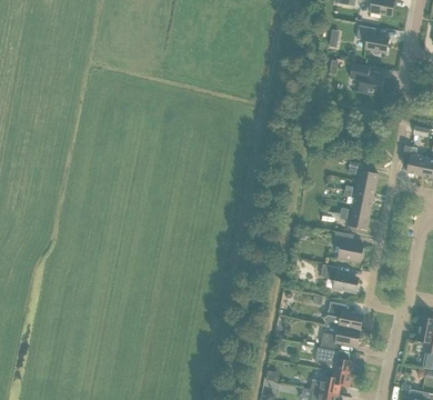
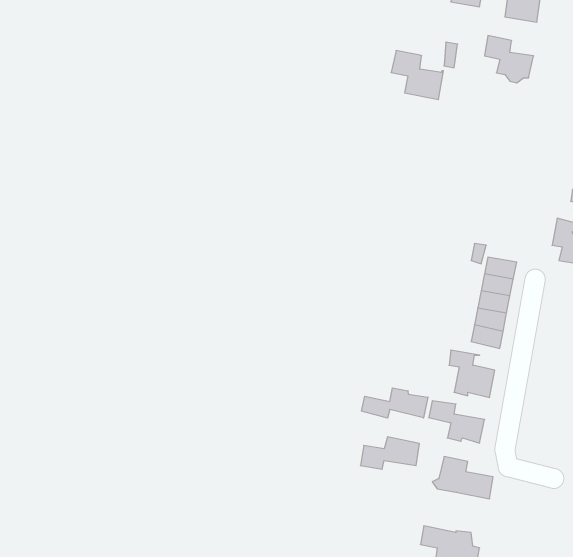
building: [349,63,383,96] -> [391,51,443,100]
building: none -> [362,388,428,418]
building: [320,327,359,348] -> [360,437,419,469]

